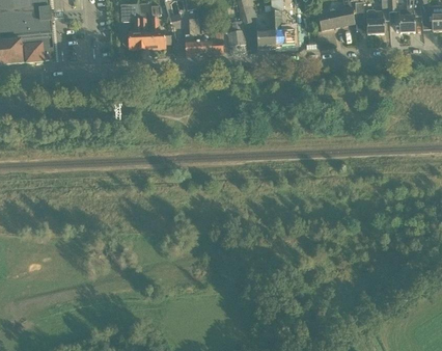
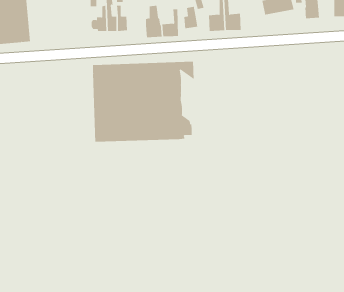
building: none -> [92,61,194,143]

